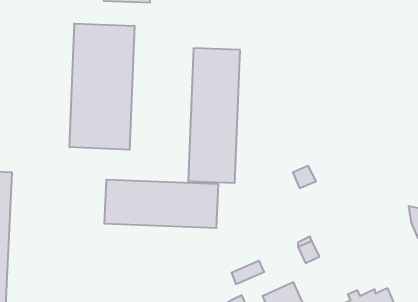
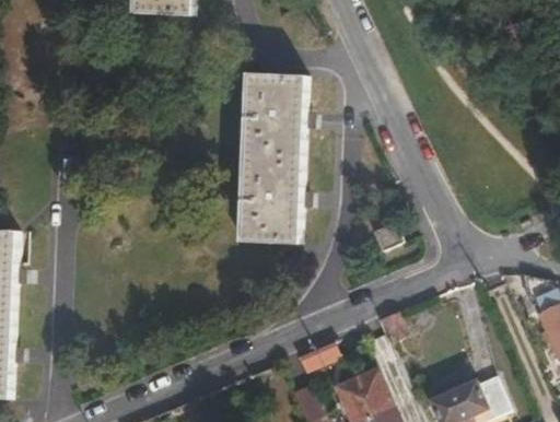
building: [70,23,134,150] -> none
building: [105,180,218,228] -> none

